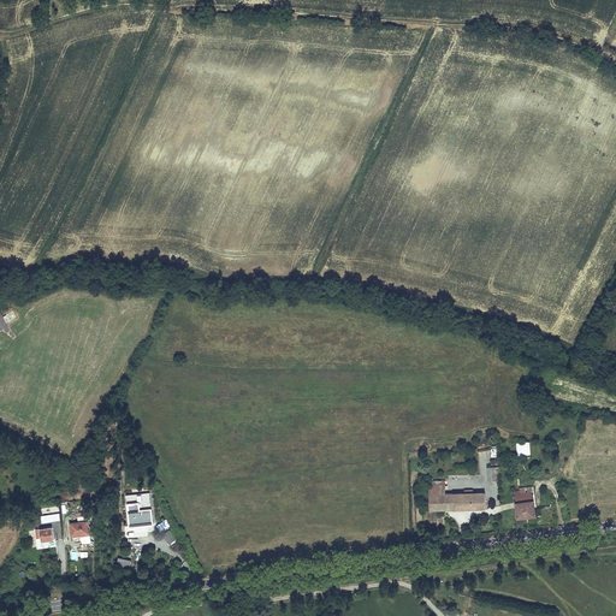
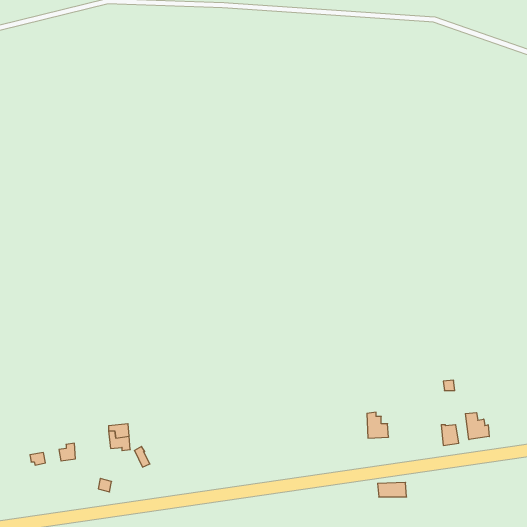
building: none -> [465,413,489,440]
building: [451,493,485,510] -> [378,482,407,497]

